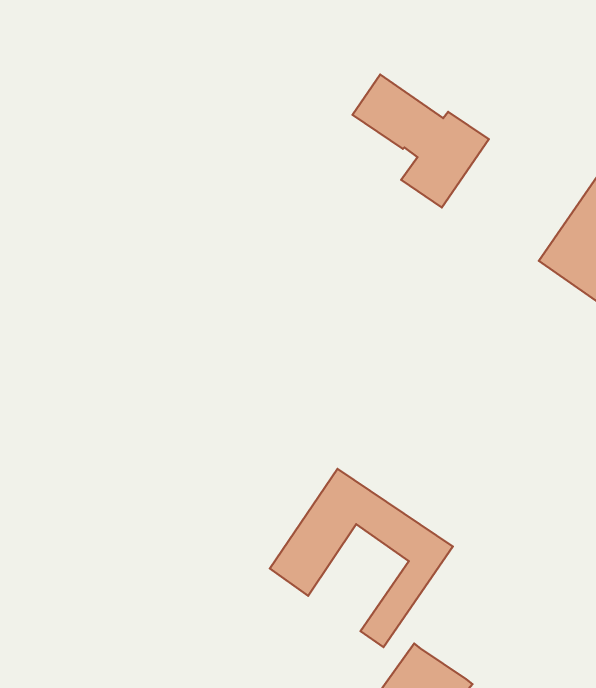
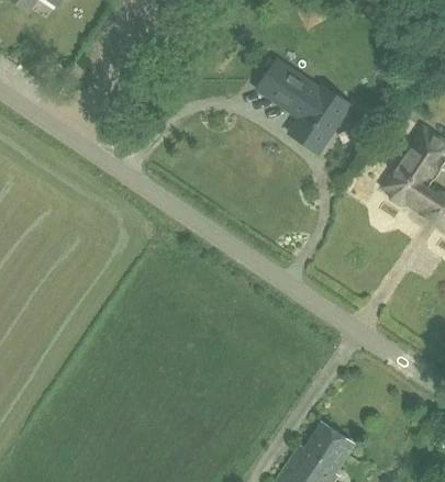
building: [270,469,453,647] -> none
building: none -> [304,423,353,470]

